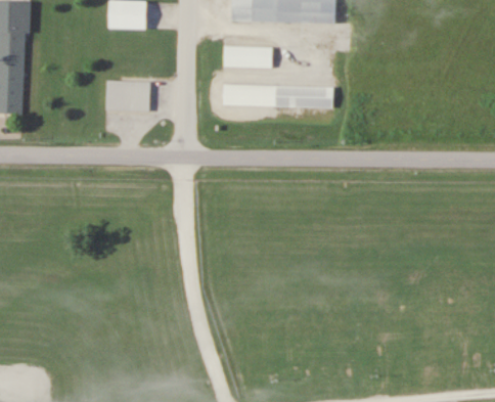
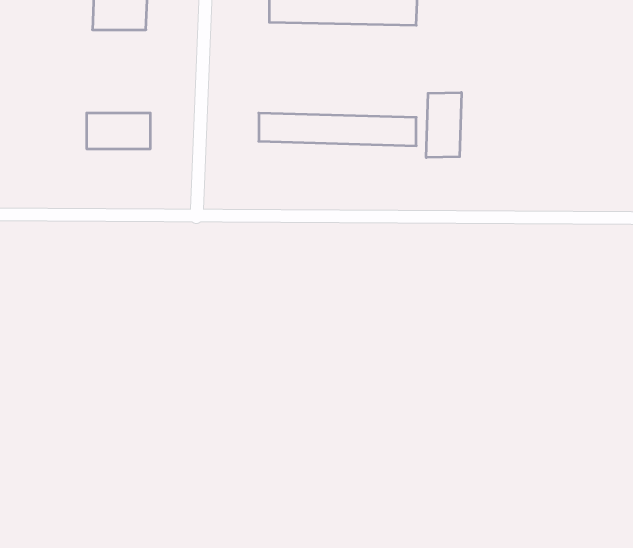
building: [224,44,271,64] -> none
building: none -> [426,92,461,158]

